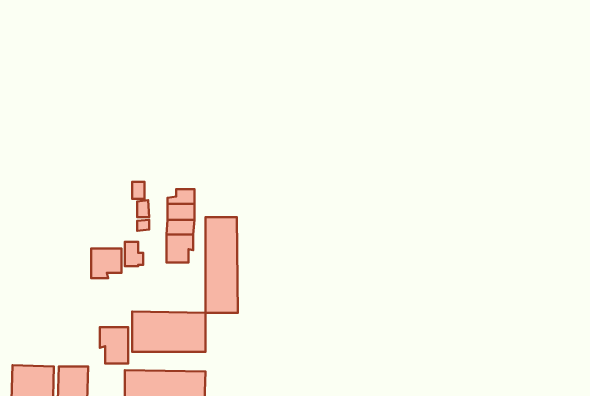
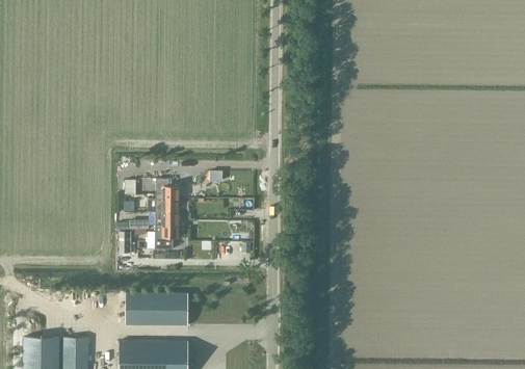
building: [206,217,238,313] -> none
building: [91,248,121,278] -> none
building: [100,327,128,364] -> none

